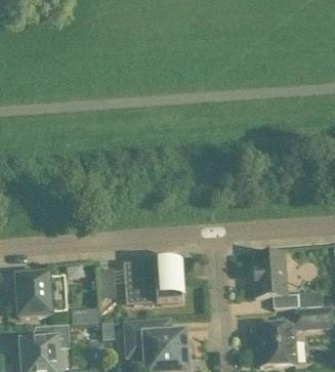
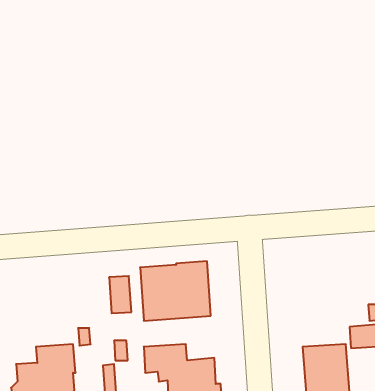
building: [253,251,298,305] -> none
building: [15,268,68,316] -> none

